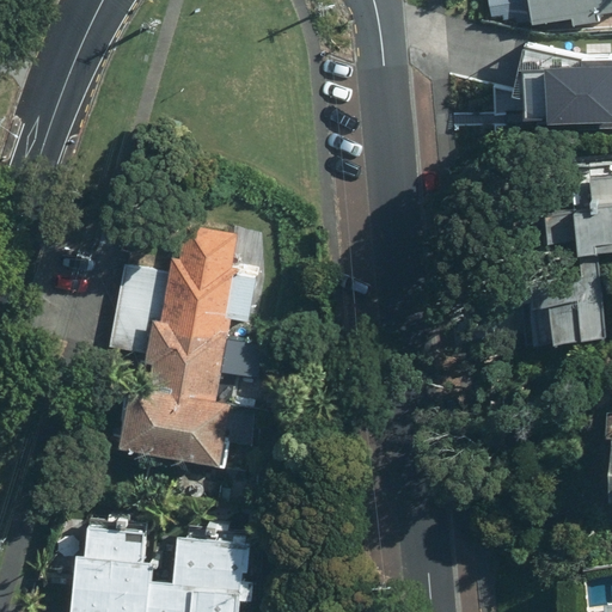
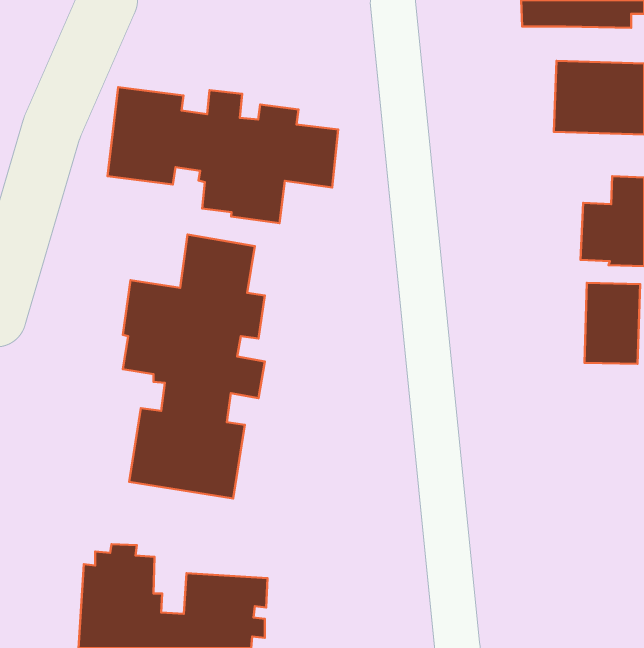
building: none -> [107,87,338,223]

